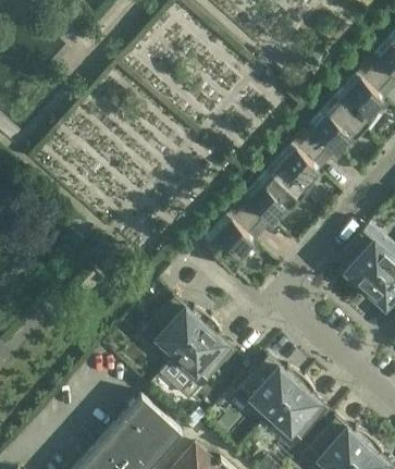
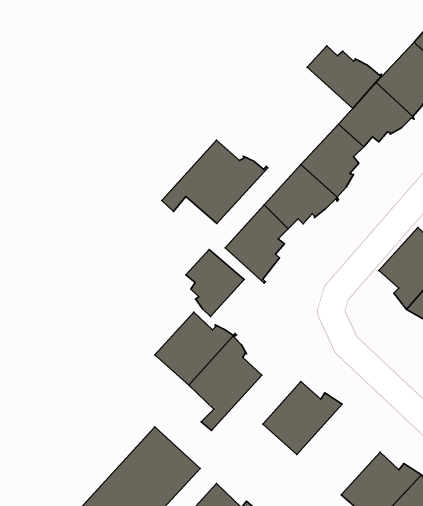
building: none -> [307,46,382,109]
building: none -> [162,140,268,223]
building: none -> [186,249,244,317]
building: [266,380,329,451] -> none

